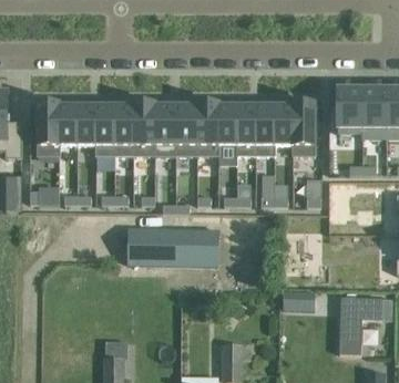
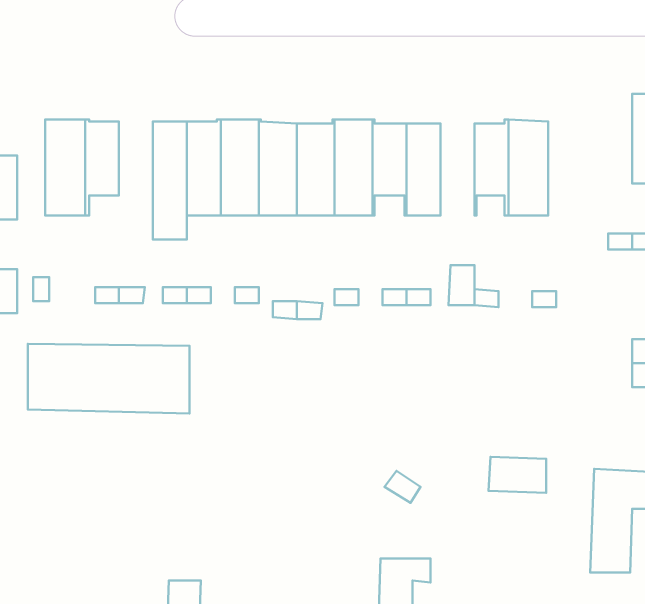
building: [337,87,362,137] -> none
building: [78,103,96,155] -> none
building: [256,104,275,155] -> none
building: [127,225,217,263] -> [28,344,190,414]

